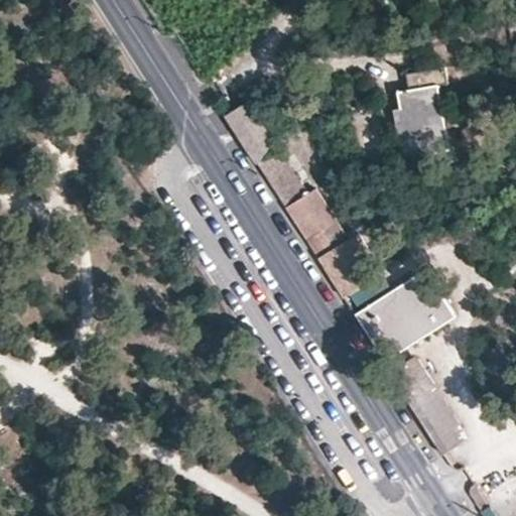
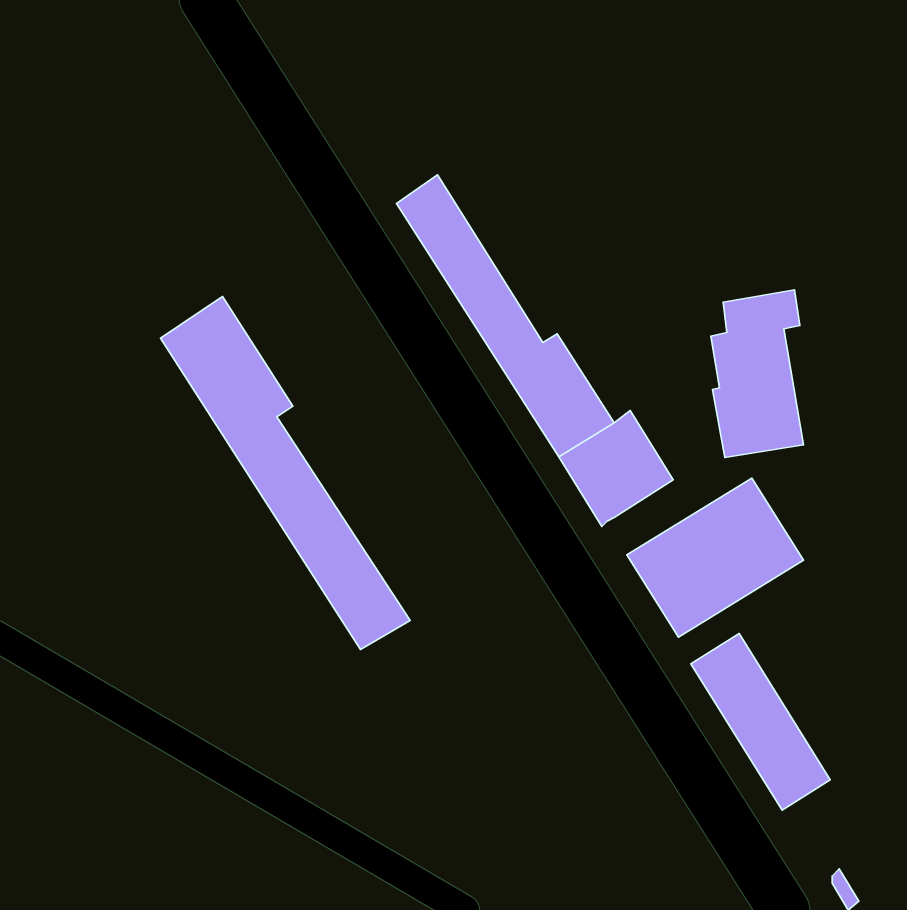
building: [396,64,448,159] -> [711,290,804,457]
building: none -> [161,296,410,650]

